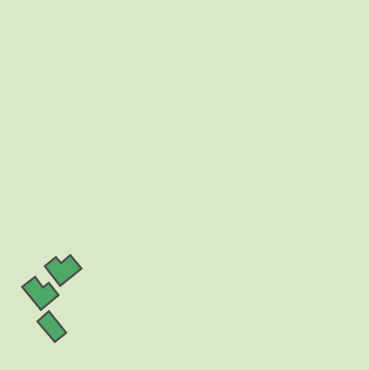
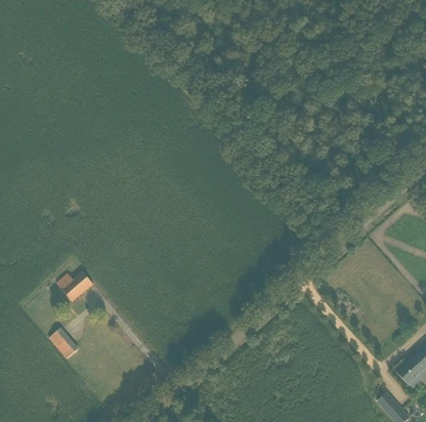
building: [22,277,58,310] -> none

